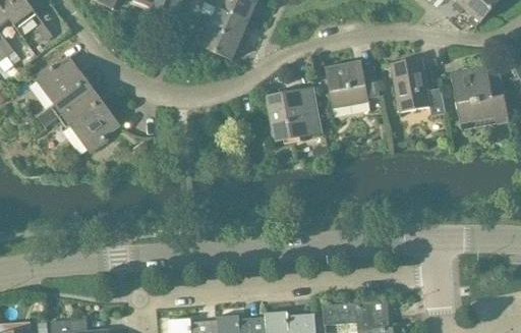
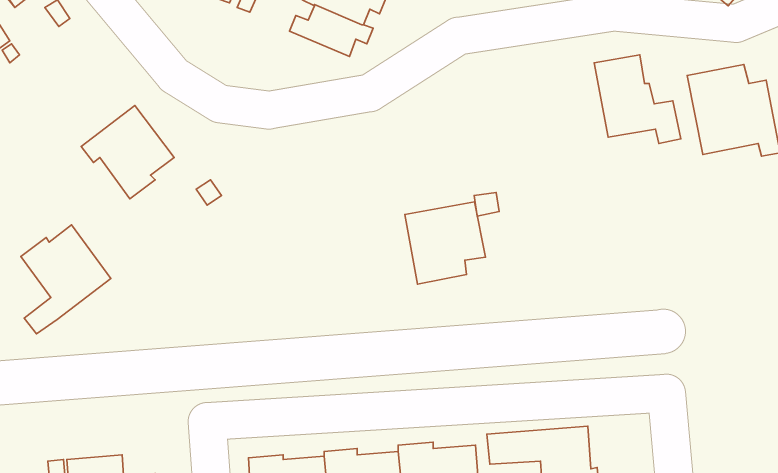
building: [36,58,94,128] -> [21,225,111,334]
building: [326,62,380,110] -> none
building: [268,90,320,143] -> [405,202,485,284]

